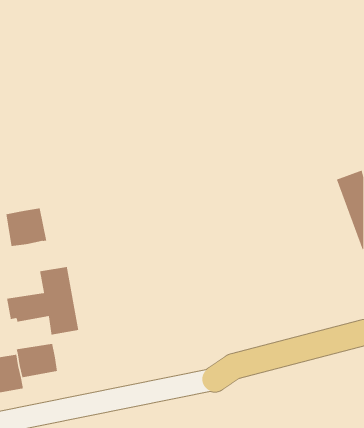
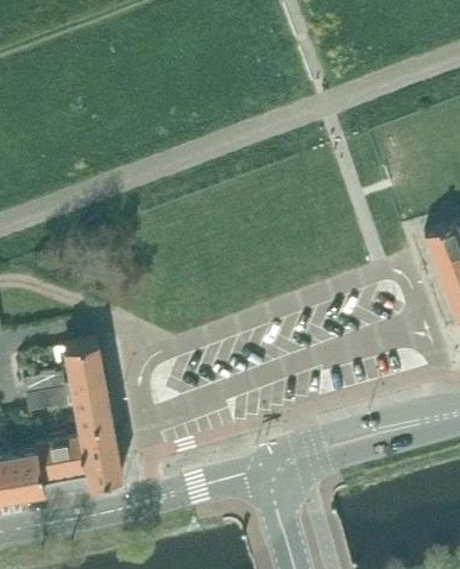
building: [5,208,47,247] -> none
building: none -> [77,425,122,488]

